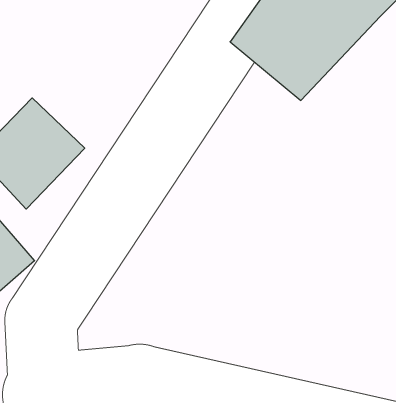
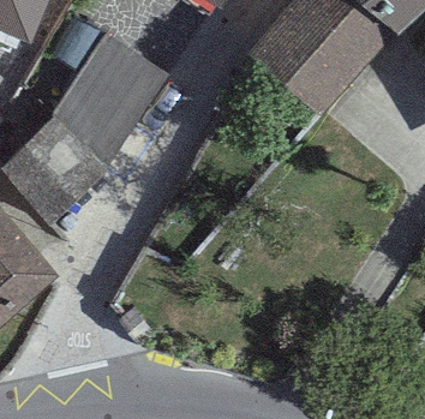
building: none -> [54,36,168,167]

